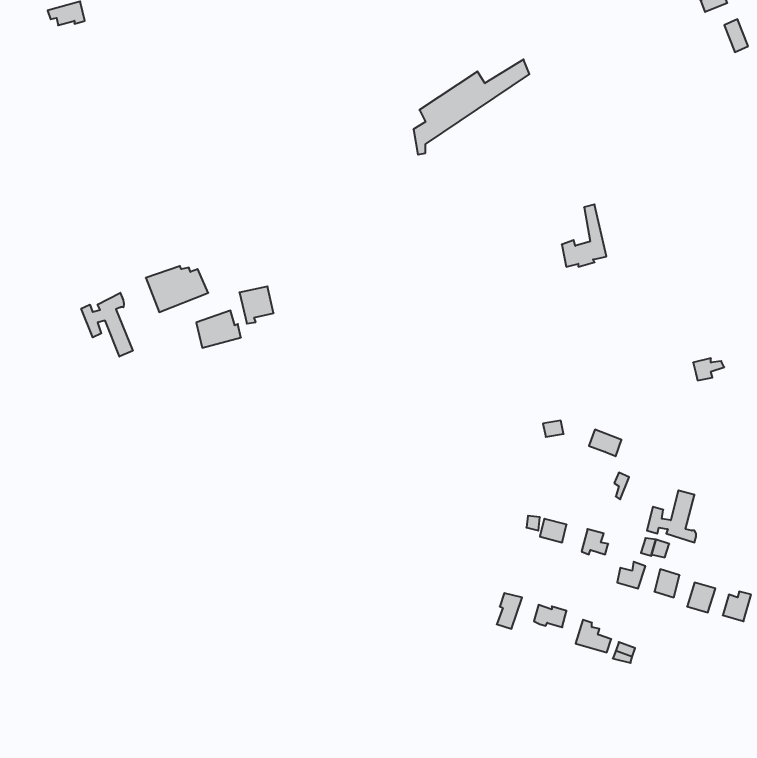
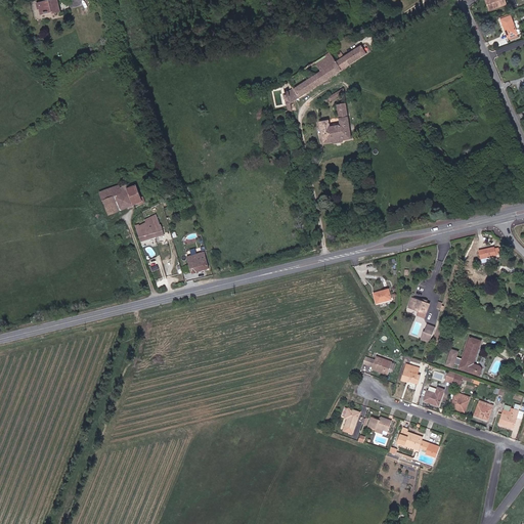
building: [562,204,606,267] -> [320,99,351,142]
building: [239,286,274,324] -> [186,250,210,275]
building: [81,293,133,357] -> none

